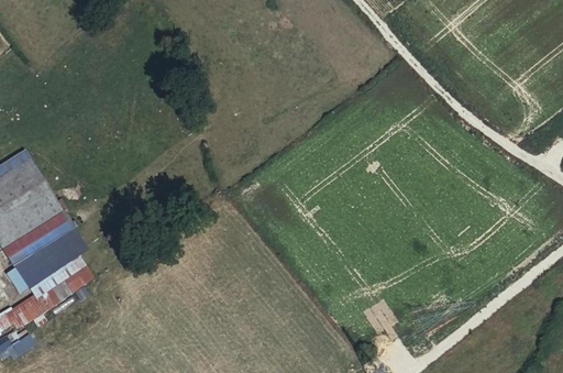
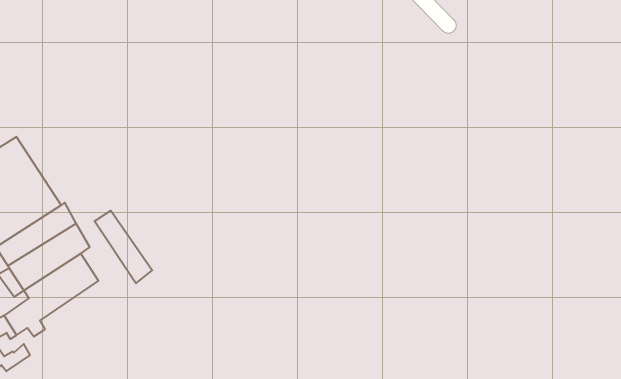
building: none -> [94,211,152,283]

